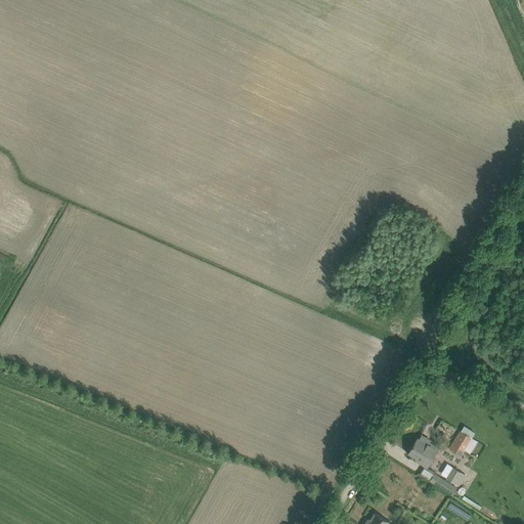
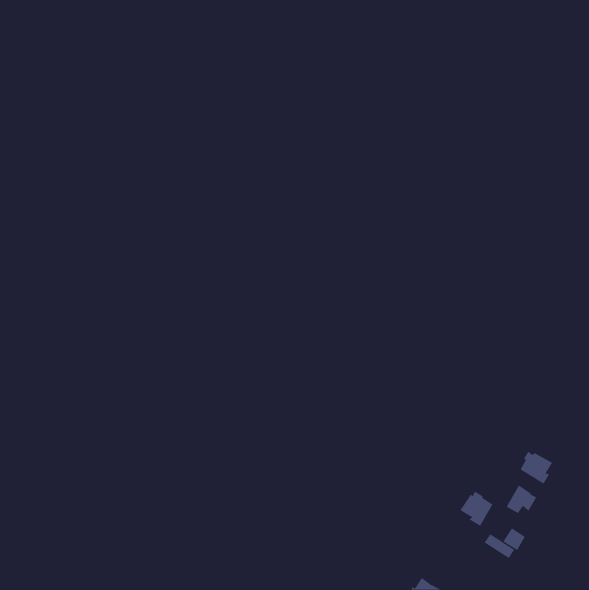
building: none -> [520,451,553,484]

